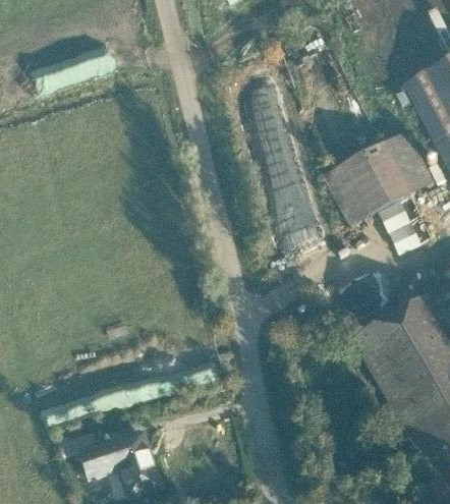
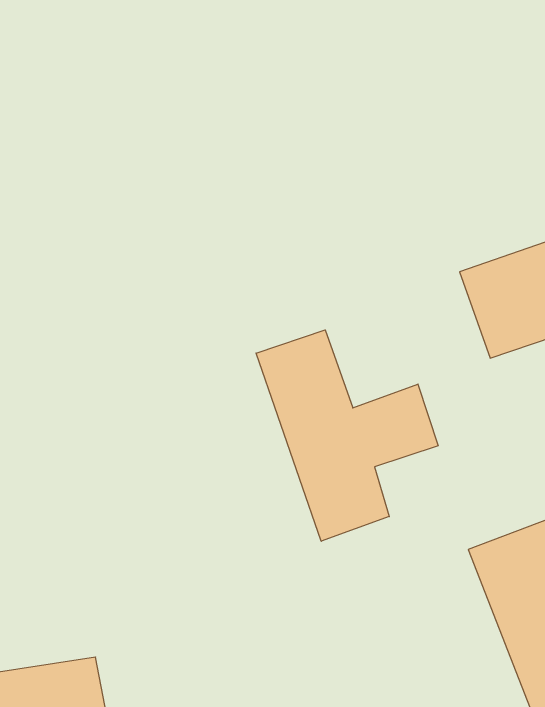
building: none -> [256,330,438,541]

